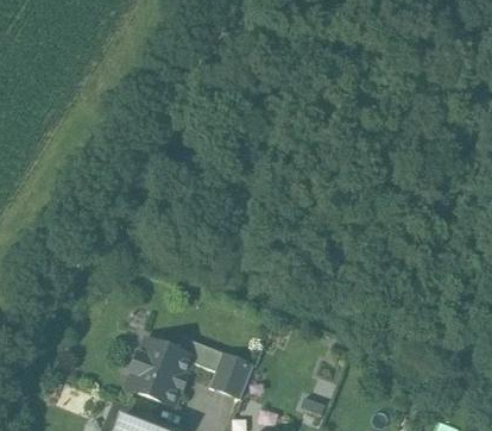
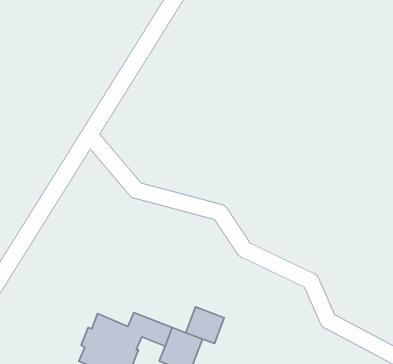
building: none -> [186,307,224,344]

